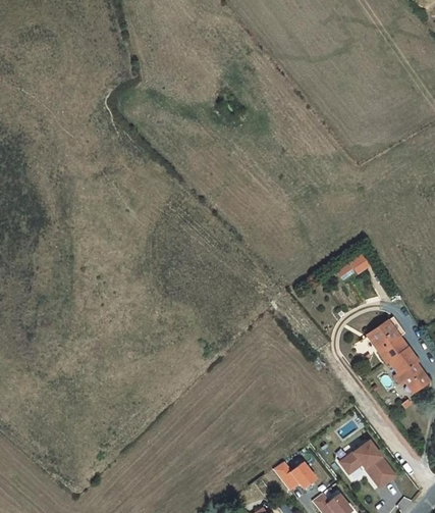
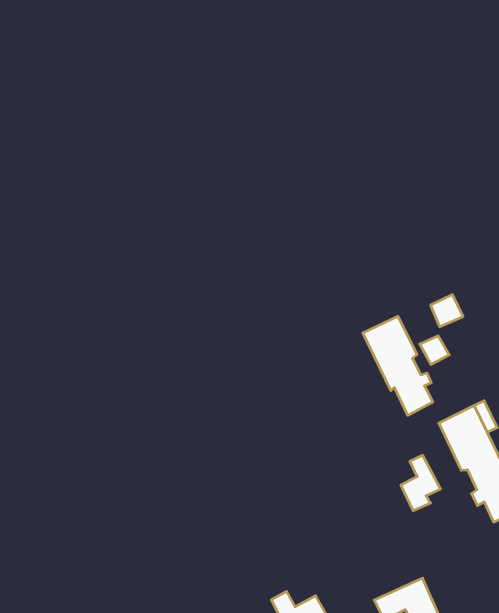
building: none -> [363,316,433,415]
building: none -> [401,455,440,511]

